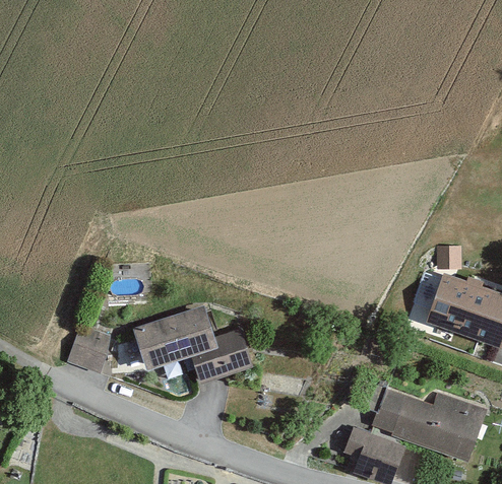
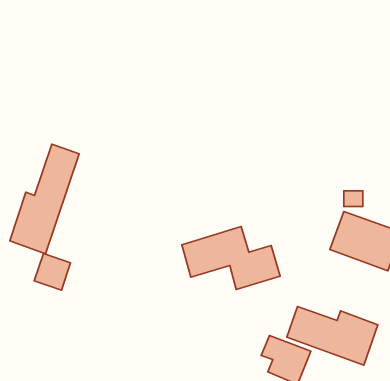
building: none -> [10,144,79,254]
building: [130,303,251,381] -> [182,227,280,289]

